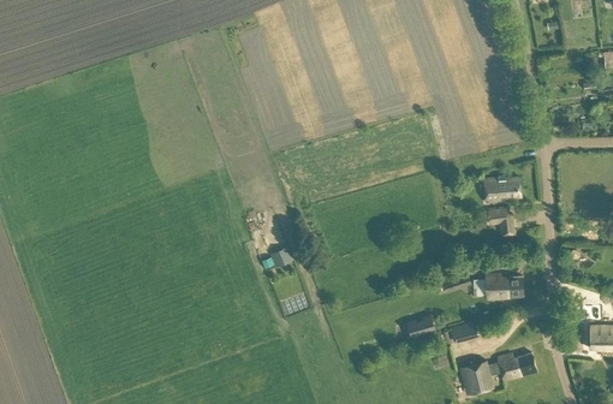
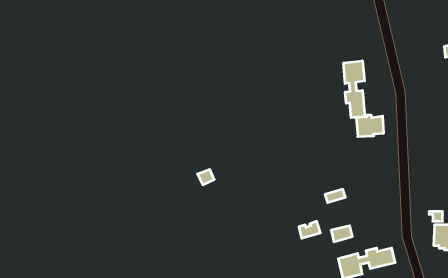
building: none -> [344,61,365,118]
building: [487,207,516,238] -> none
building: [483,273,522,298] -> none

